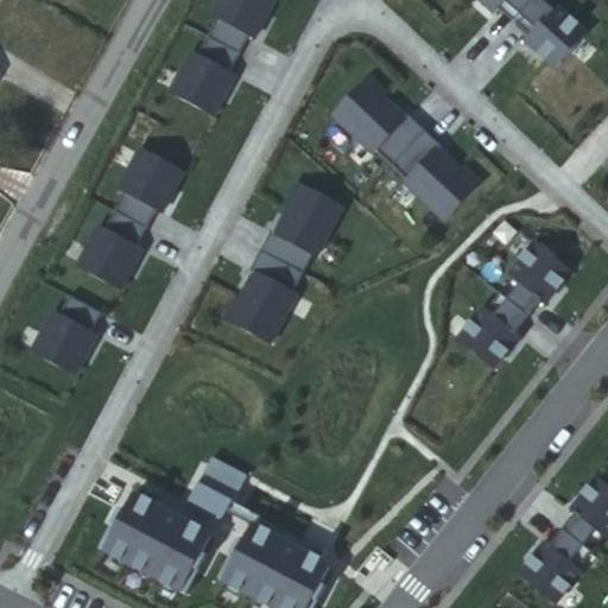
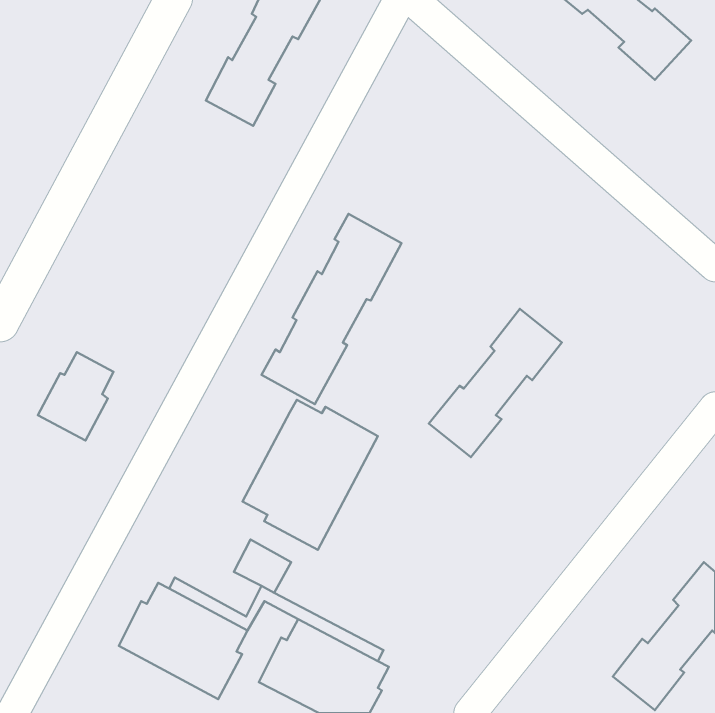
building: [332,76,481,221] -> none
building: [86,142,184,273] -> none
building: [457,242,570,368] -> [429,309,562,457]
building: none -> [242,400,378,550]

